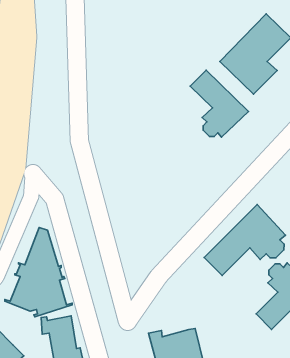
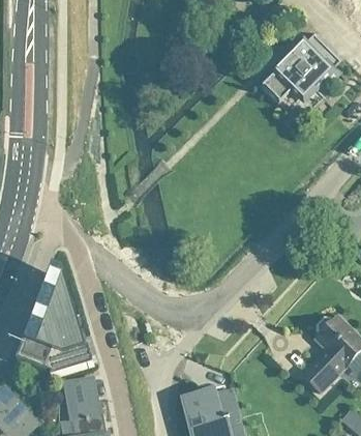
building: [190,70,248,137] -> none
building: [204,205,285,275] -> none

